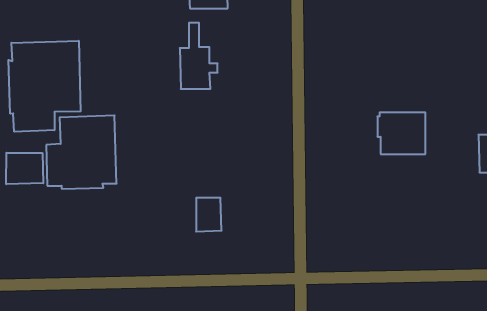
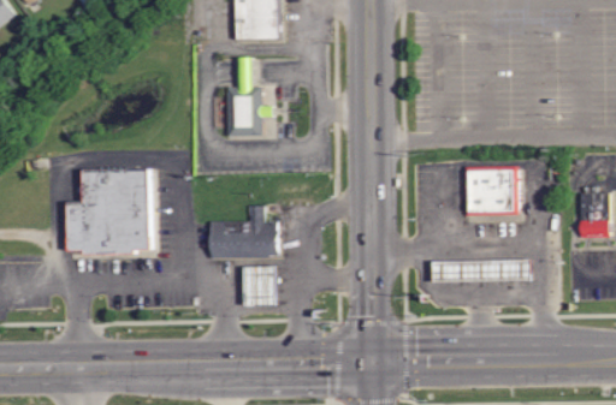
building: [8,41,81,132] -> none
building: none -> [207,208,276,261]
building: [6,153,43,184] -> none

